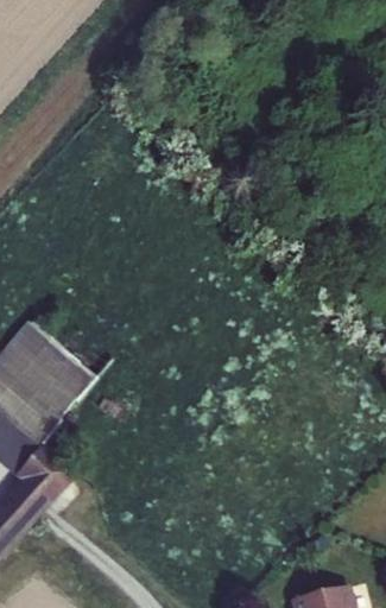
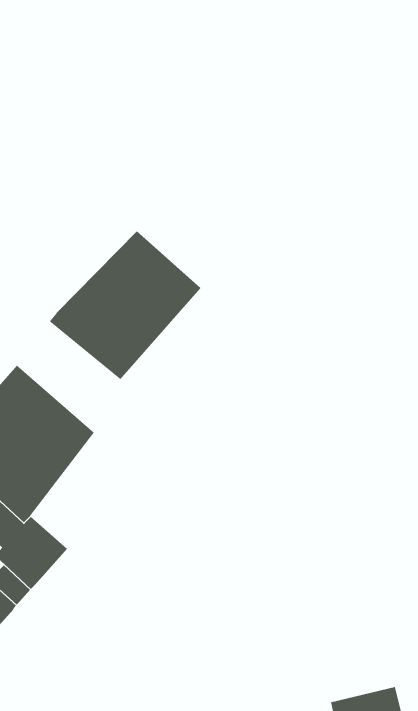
building: none -> [49,230,202,380]

